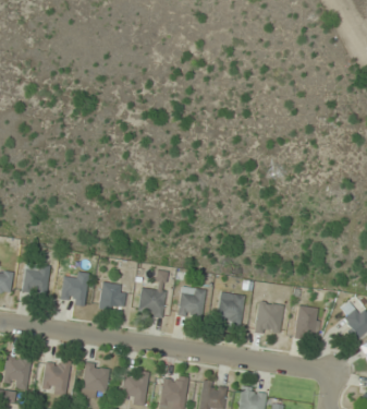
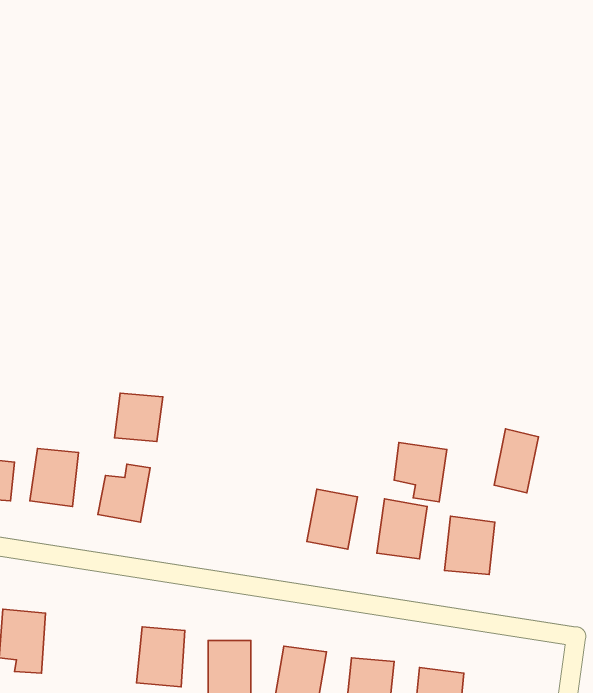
building: none -> [394,443,447,502]
building: [99,284,126,311] -> [114,393,163,442]
building: [137,289,166,317] -> none
building: [294,305,319,341] -> [494,429,539,493]
building: [44,361,70,395] -> none

